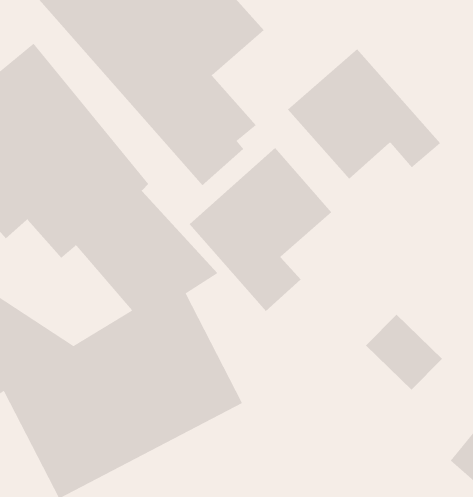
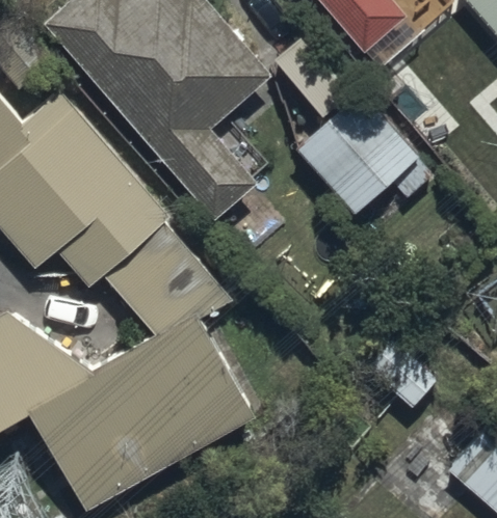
building: [189,147,332,312] -> none

